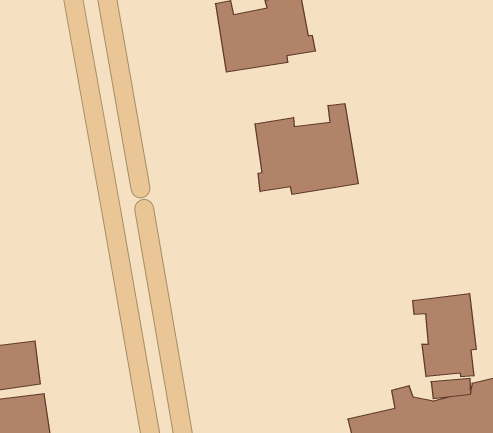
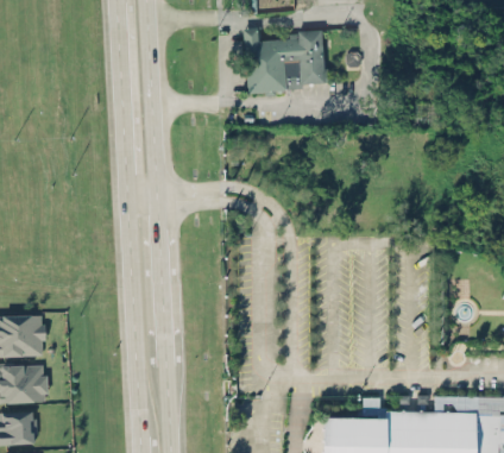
building: [255,104,358,194] -> none
building: [413,293,476,377] -> none

